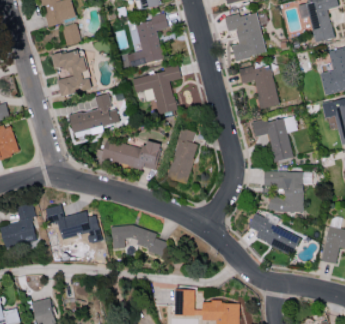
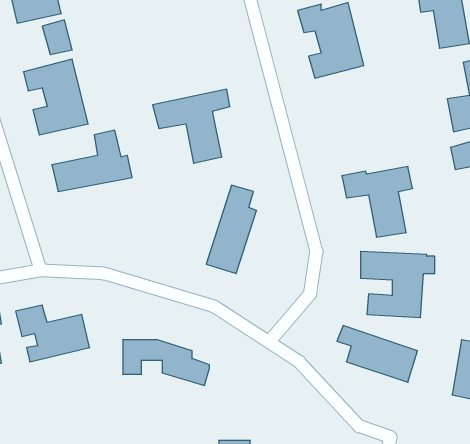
building: [130,16,169,66] -> none
building: [238,64,279,109] -> none
building: [100,139,160,172] -> none

